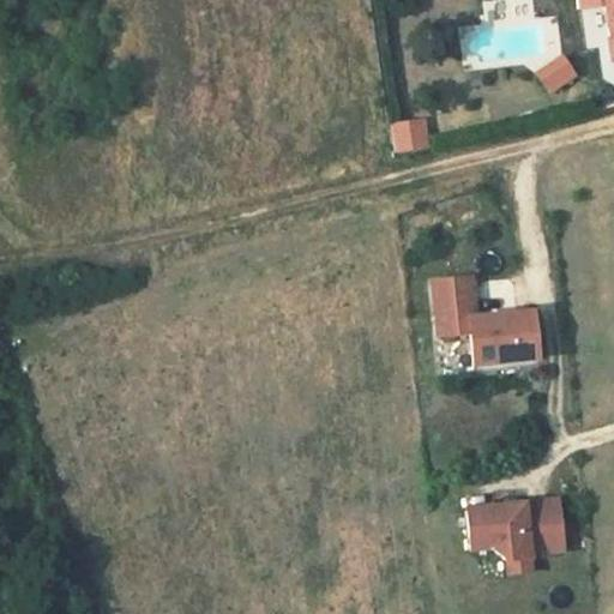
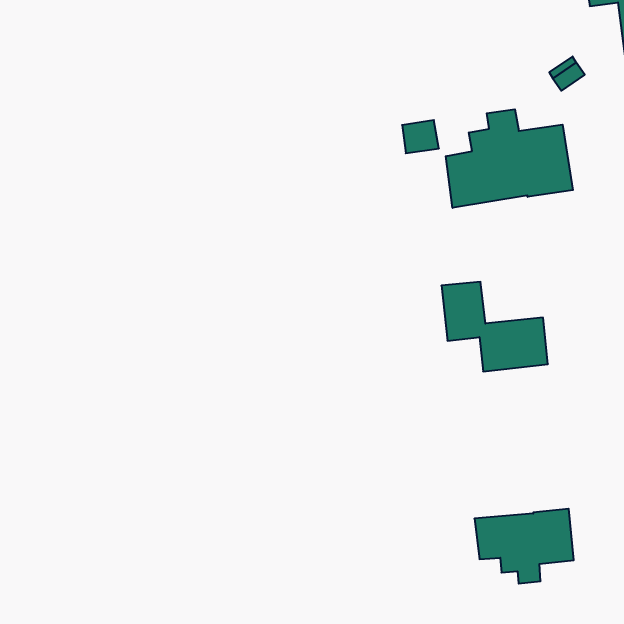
building: none -> [446,109,573,208]

